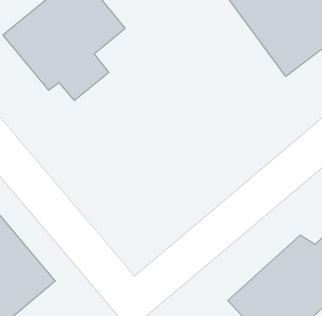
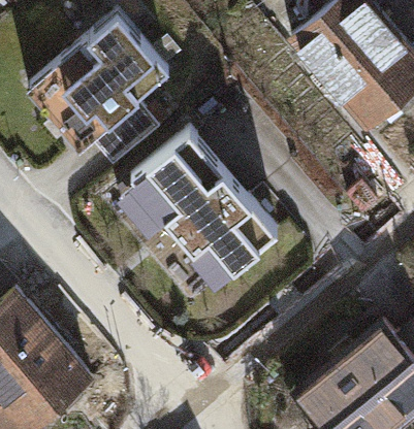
building: none -> [131,136,279,289]

